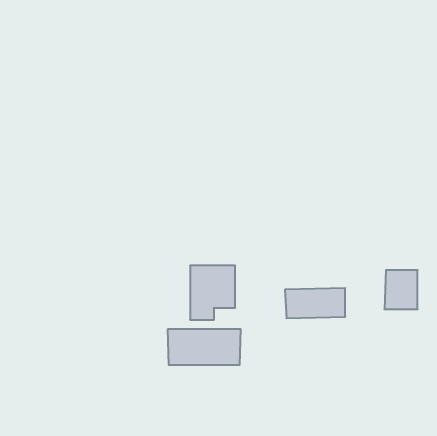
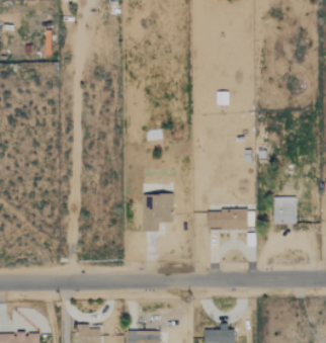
building: [168,329,241,365] -> none

